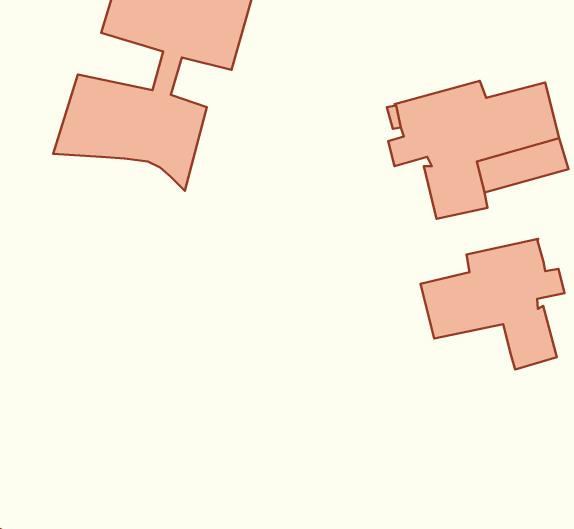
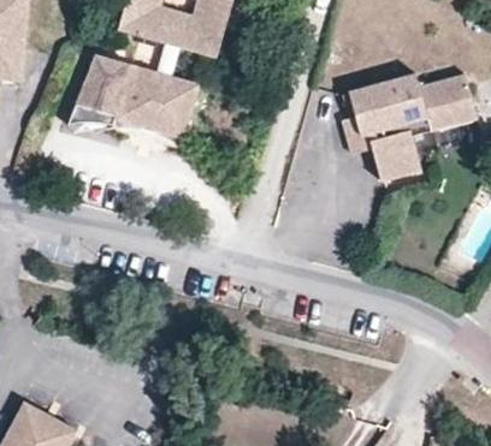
building: [420,239,564,370] -> none

